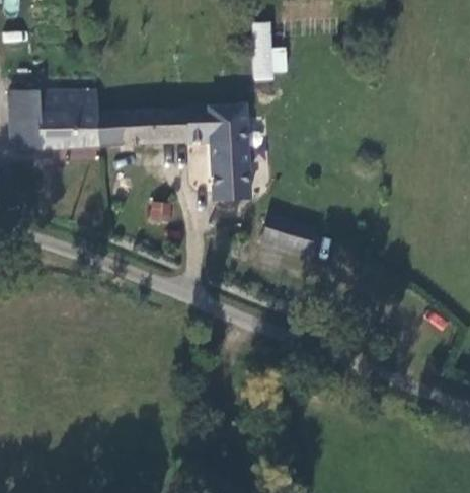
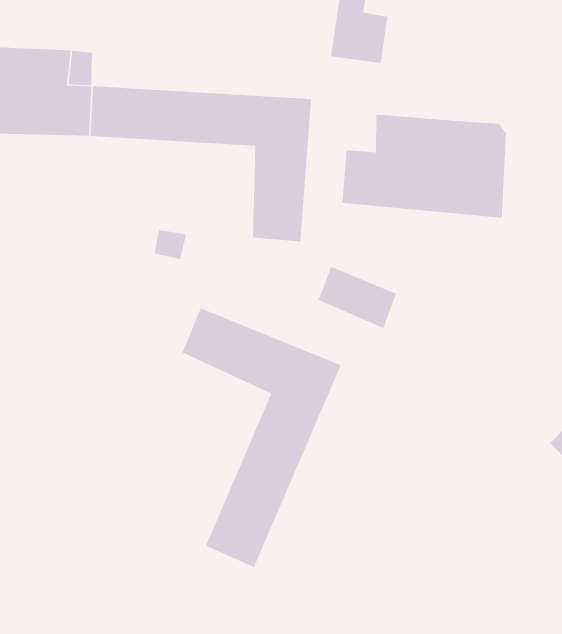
building: none -> [342,114,507,219]
building: none -> [182,307,342,568]

